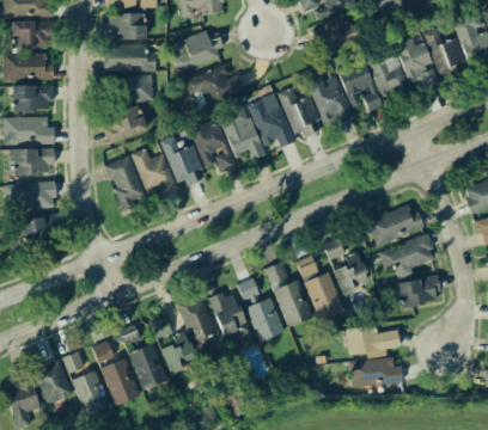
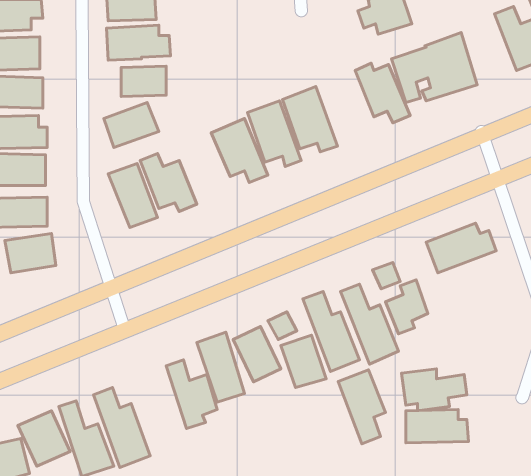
building: [173,31,224,72] -> none
building: [395,37,439,88] -> none
building: [184,64,244,103] -> none
building: [280,87,323,141] -> none
building: [161,134,205,189] -> none
building: [379,235,435,274] -> none
building: [397,276,440,307] -> none
building: none -> [338,370,385,444]
building: [122,330,167,389] -> none

